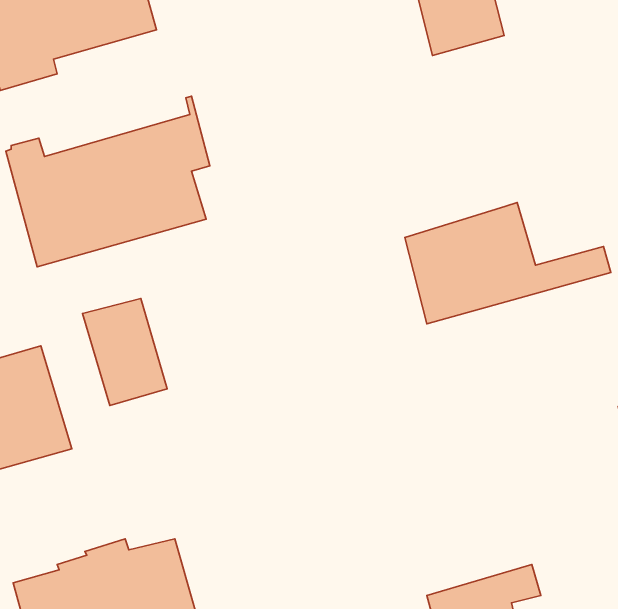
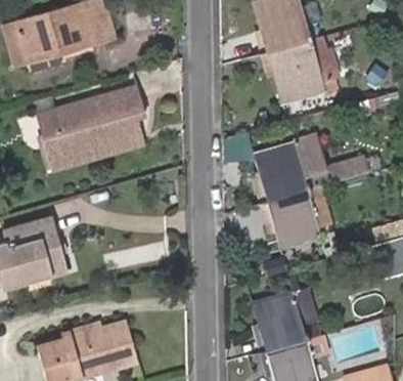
building: none -> [269,38,339,101]
building: none -> [266,186,331,250]
building: [83,298,167,405] -> none
building: none -> [255,291,321,353]

